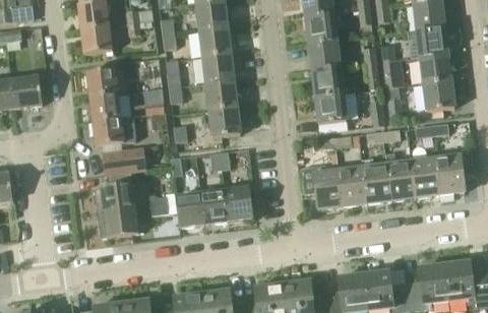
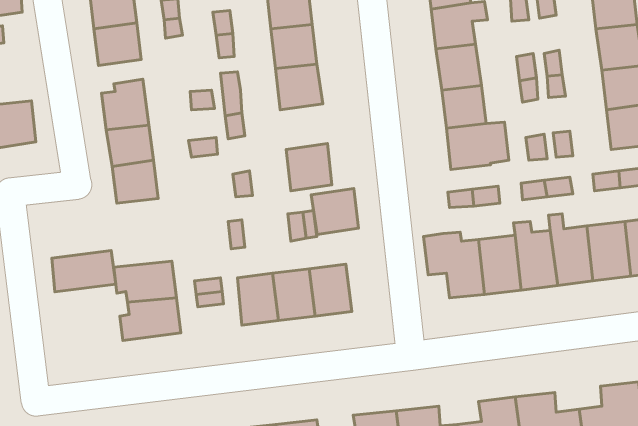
building: [205,79,237,110] -> [311,189,358,234]
building: [104,147,146,175] -> [52,250,116,292]

